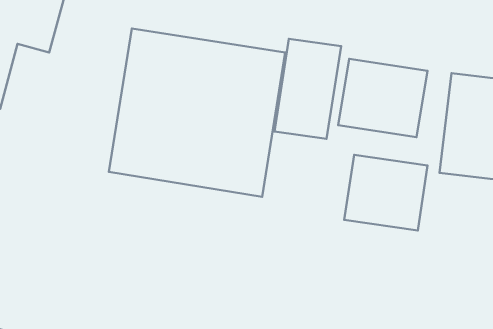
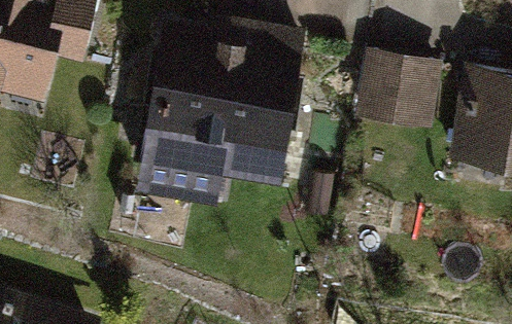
building: [274,39,341,139] -> none
building: [344,155,428,230] -> none

